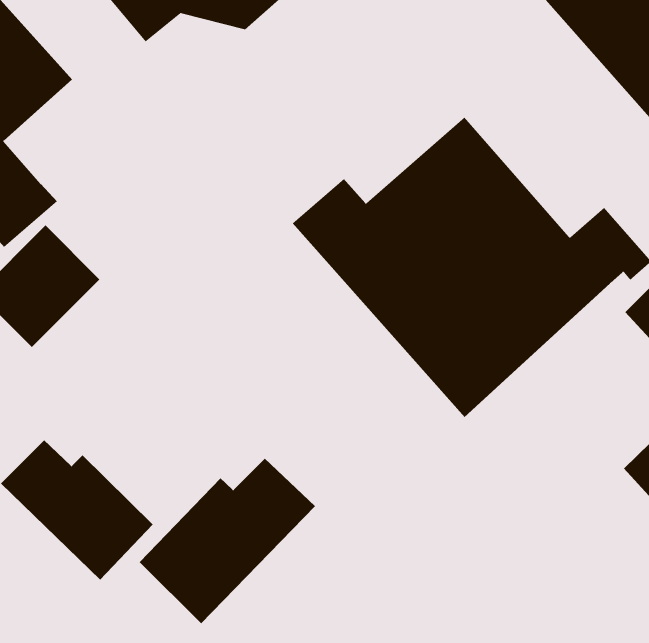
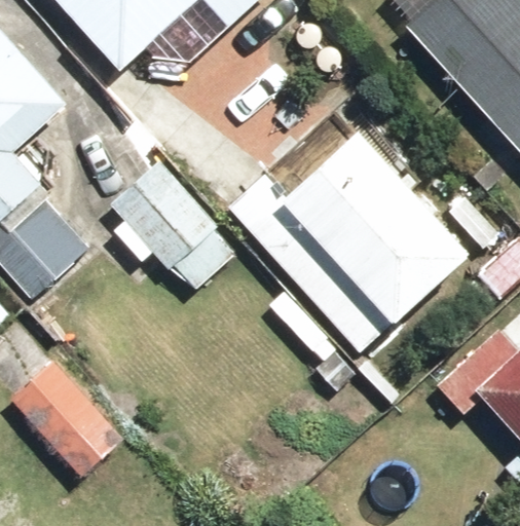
building: none -> [114,163,237,293]
building: [139,458,316,624] -> none

